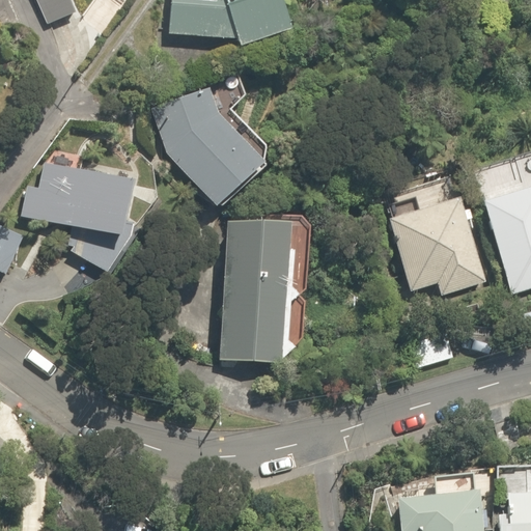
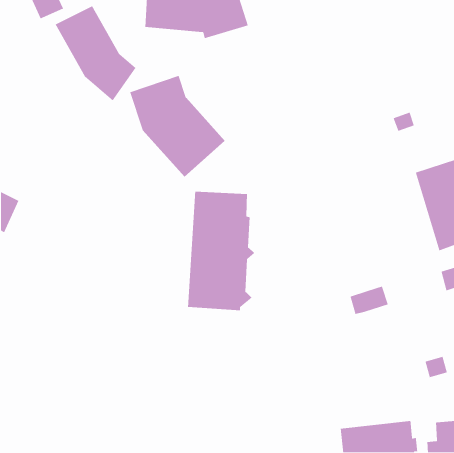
building: none -> [55,5,137,102]
building: [22,161,135,273] -> none
building: [389,196,486,294] -> none

